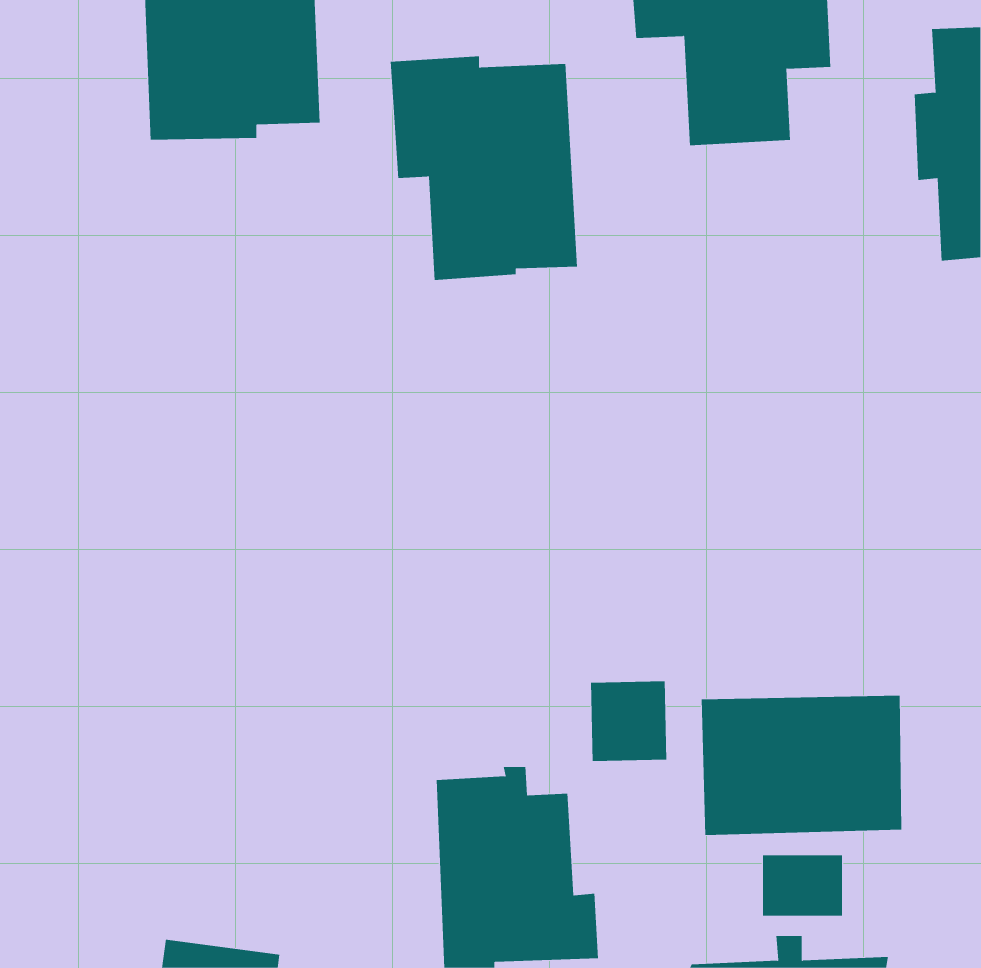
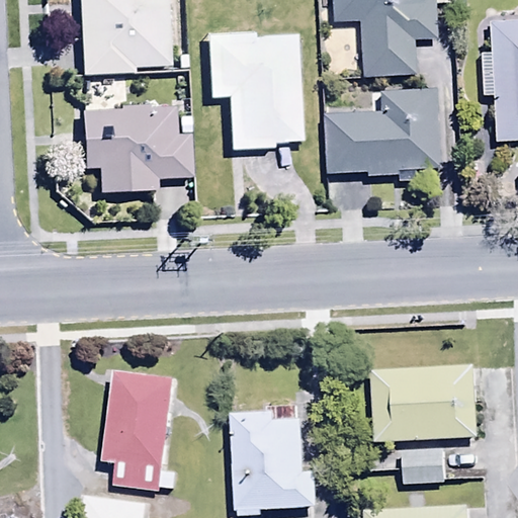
building: none -> [324,88,441,179]
building: none -> [82,106,190,192]
building: [591,681,667,762] -> none
building: none -> [102,369,178,489]

